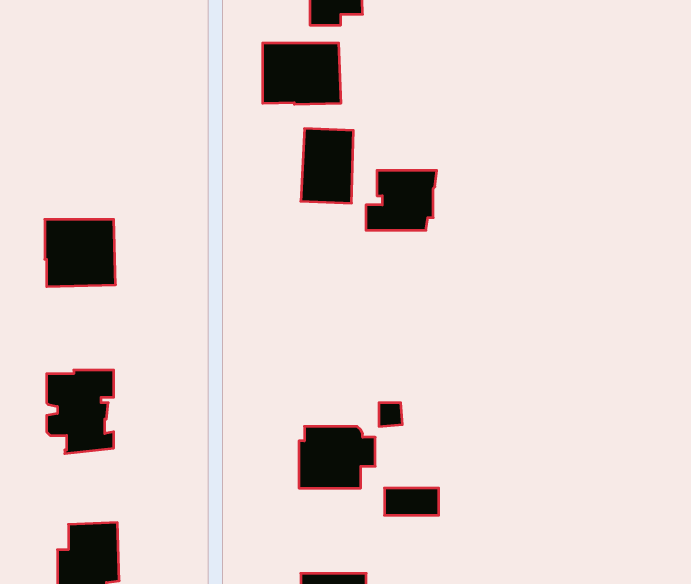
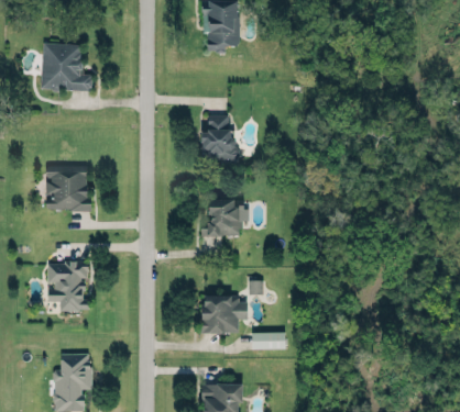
building: none -> [40,43,92,92]
building: [263,43,341,104] -> none
building: [366,170,437,230] -> [201,200,244,236]

